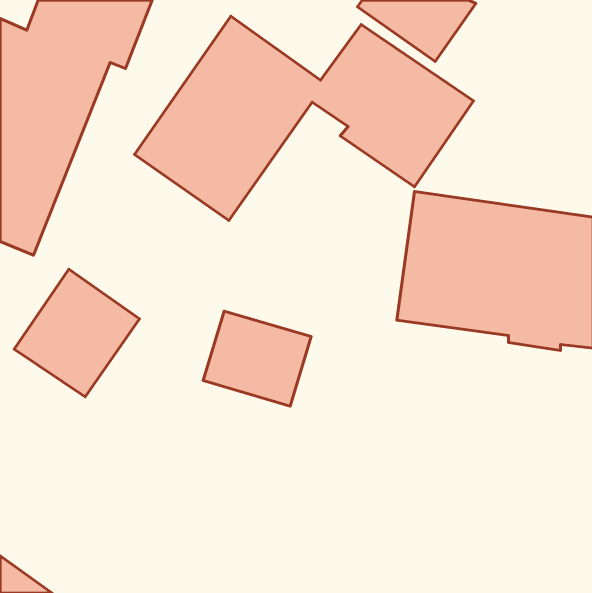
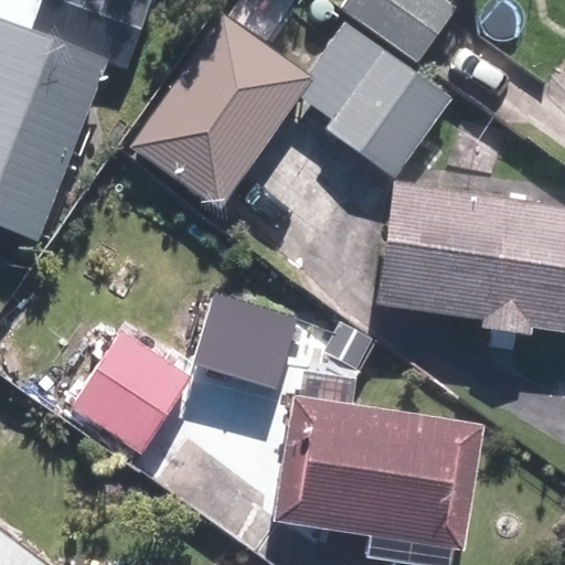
building: [14,269,140,397] -> [71,332,190,454]
building: none -> [275,396,482,547]

